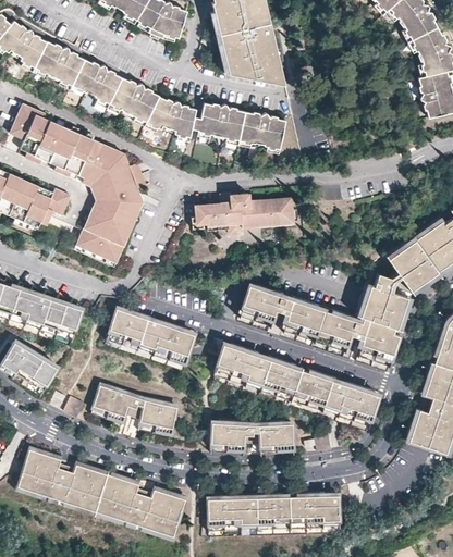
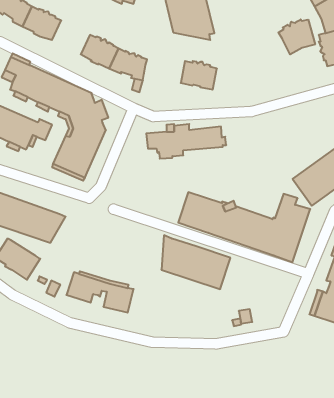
building: none -> [278,19,315,54]
building: [73,59,122,102] -> none
building: [192,102,245,139] -> none
building: [106,306,196,371] -> none
building: [291,366,380,431] -> none
building: [209,420,292,454] -> none
building: [16,449,185,541] -> none
building: [203,490,339,536] -> none

